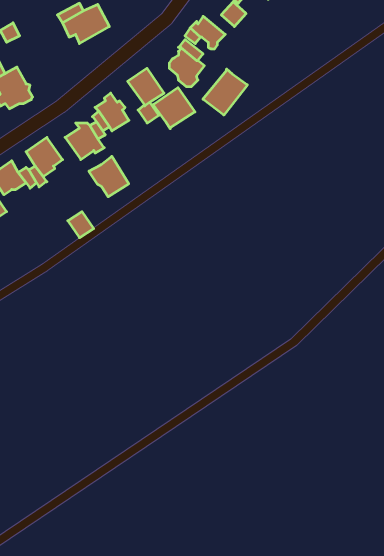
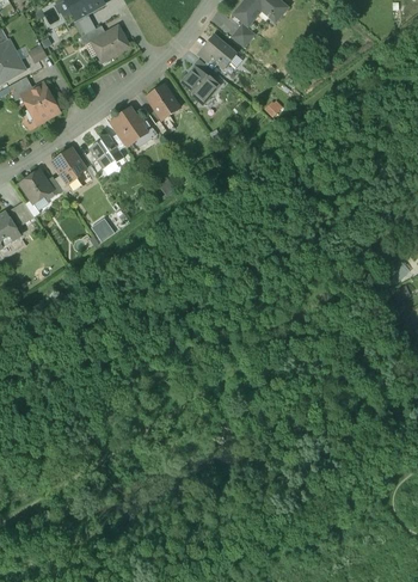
building: [203,69,247,115] -> none
building: [153,88,195,129] -> none
building: [89,156,129,197] -> none

